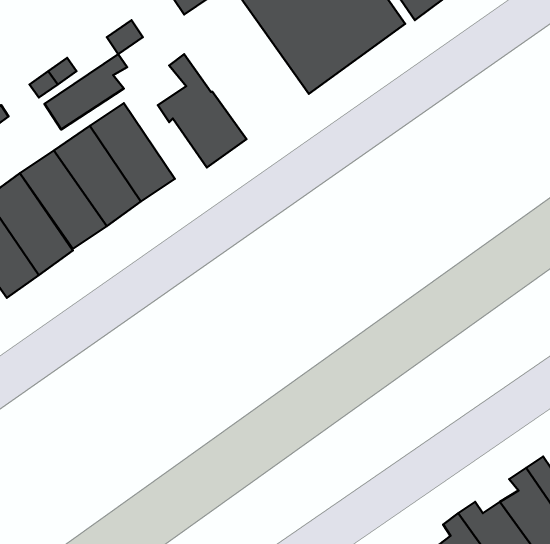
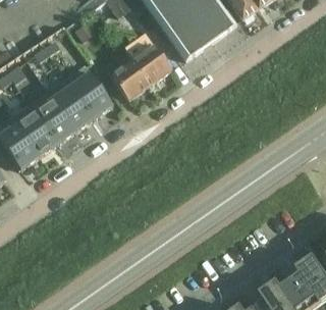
building: [45,54,127,129] -> none
building: none -> [132,44,171,85]

